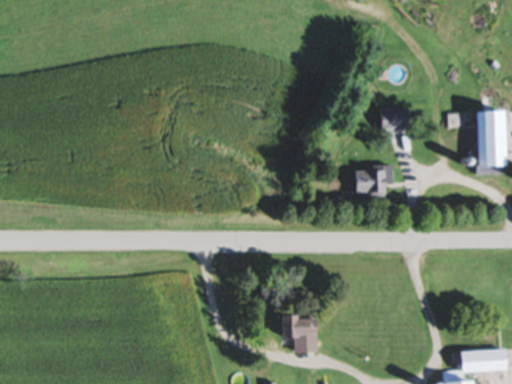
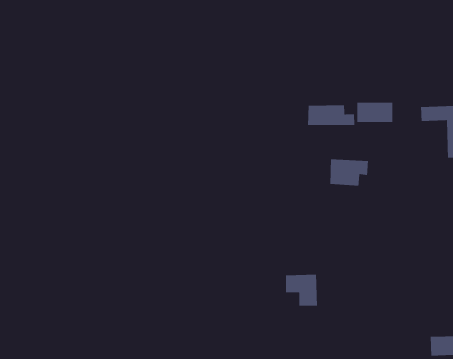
building: none -> [307,105,355,126]
building: [282,317,316,351] -> [285,274,318,307]

